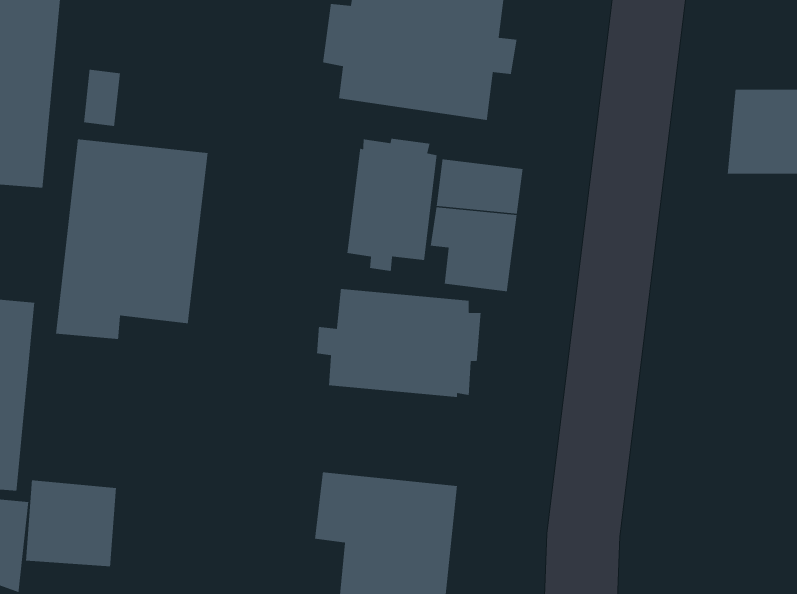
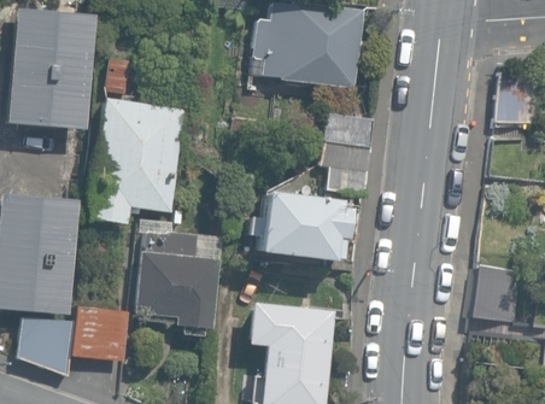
building: [346,138,438,272] -> none
building: none -> [135,232,222,335]
building: none -> [470,265,520,326]

